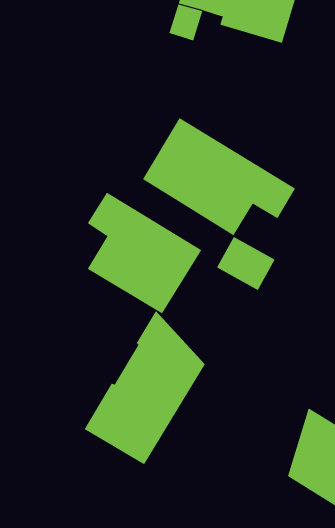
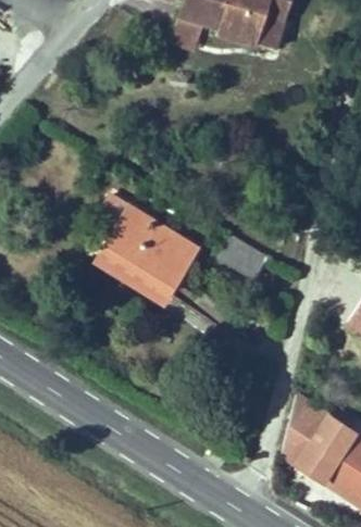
building: [142,117,296,236] -> none
building: [84,310,206,465] -> none

